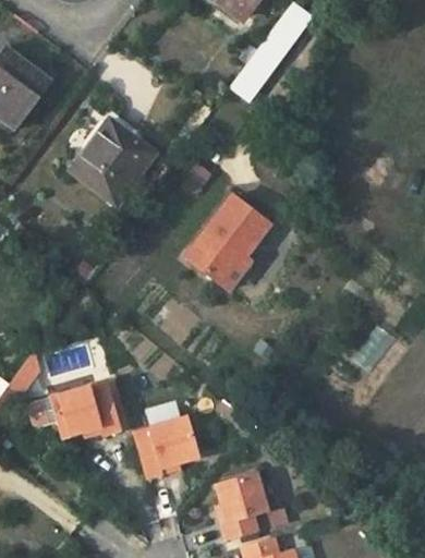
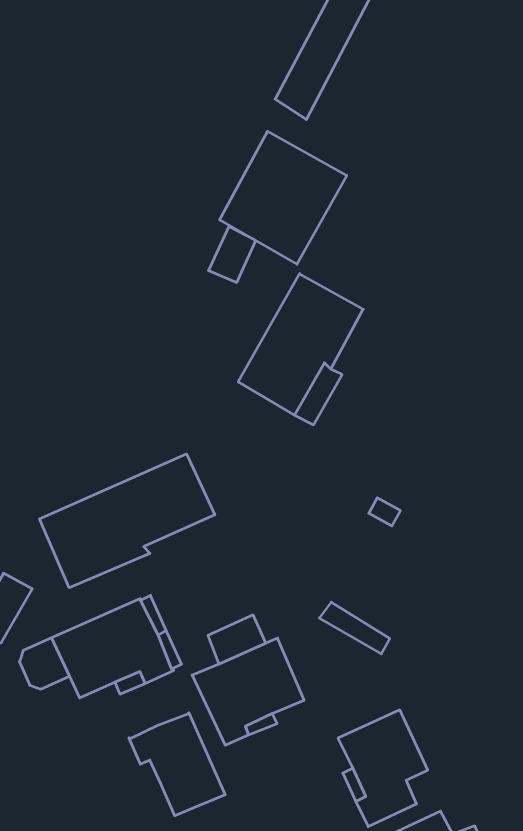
building: [71,120,153,204] -> [220,131,347,264]
building: none -> [40,454,215,588]
building: none -> [129,713,225,816]

